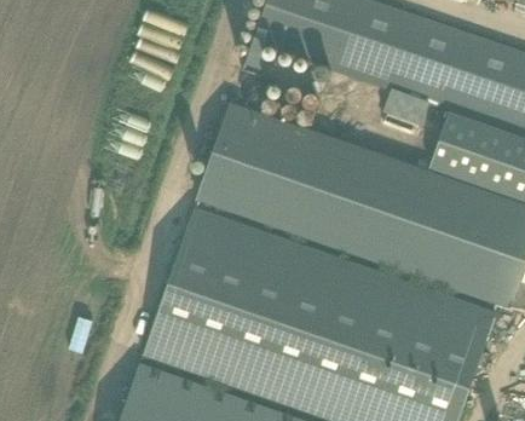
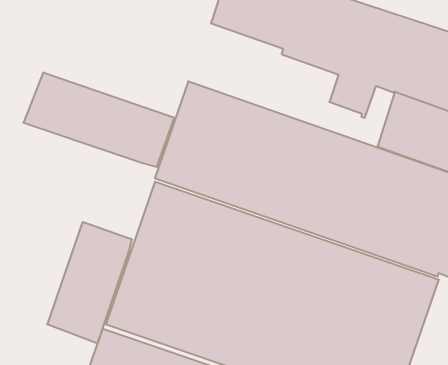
building: none -> [23,72,174,167]
building: none -> [47,222,132,344]

